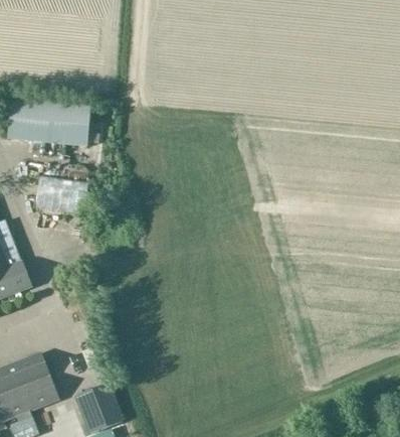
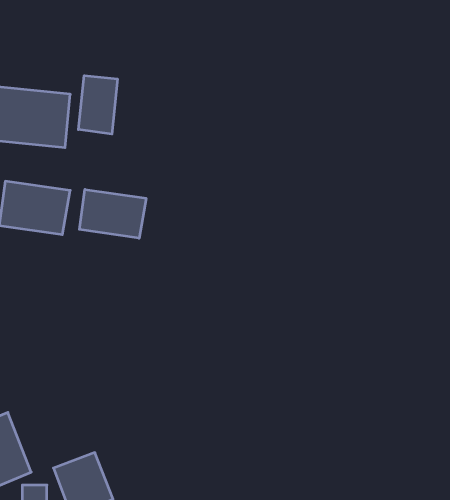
building: none -> [78,76,117,134]
building: none -> [79,189,146,238]

